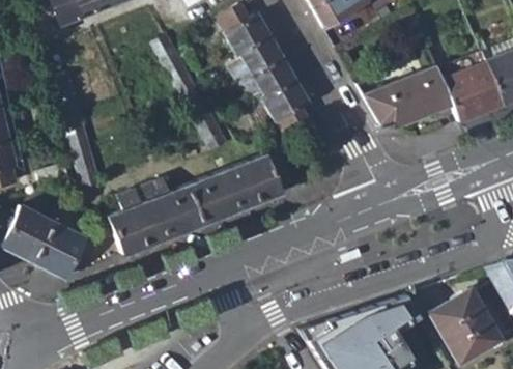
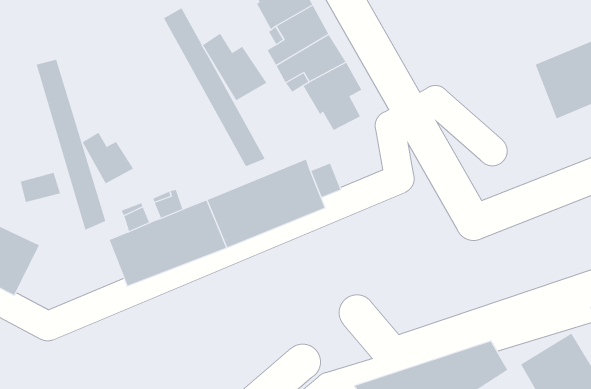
building: none -> [202,33,267,101]
building: [364,66,452,126] -> none
building: none -> [82,132,134,184]
building: [36,222,99,277] -> none

